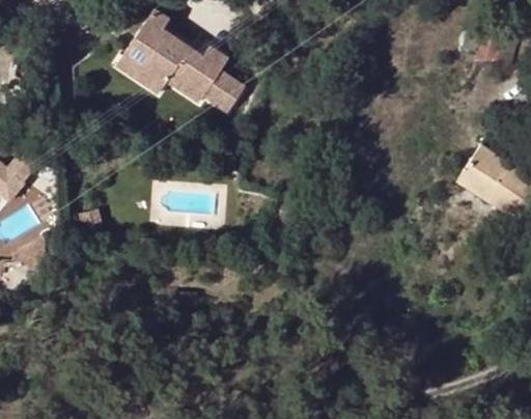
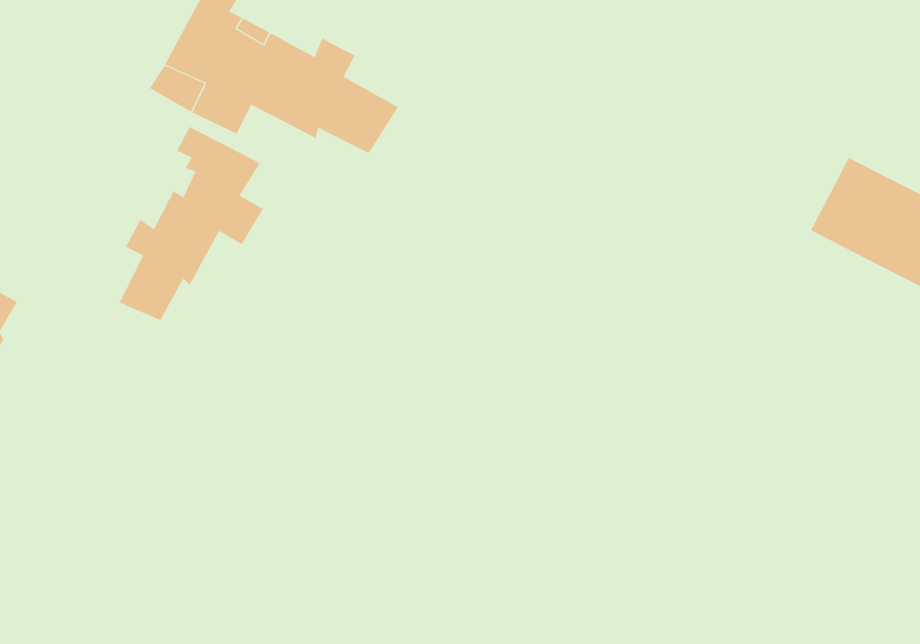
building: none -> [119,126,263,321]

